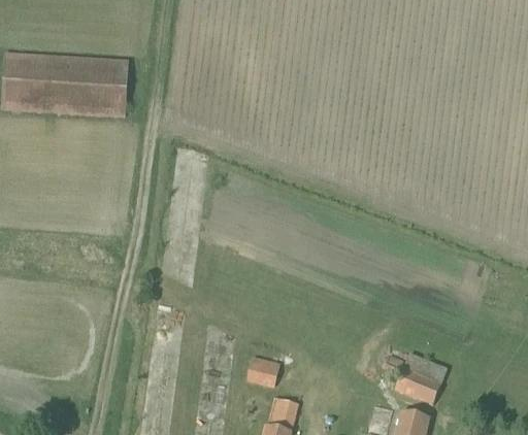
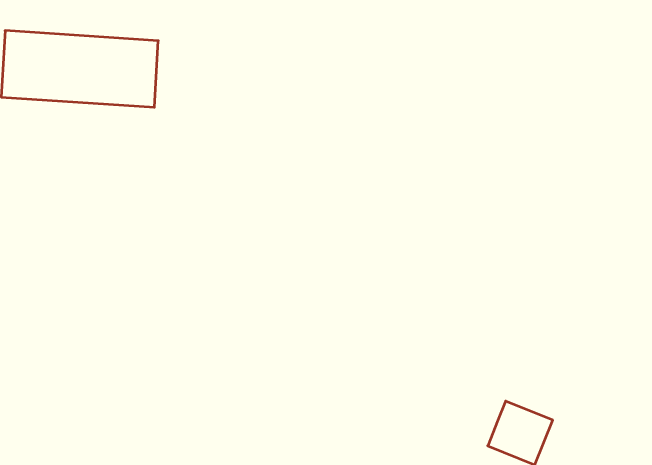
building: [246,356,279,382] -> none

